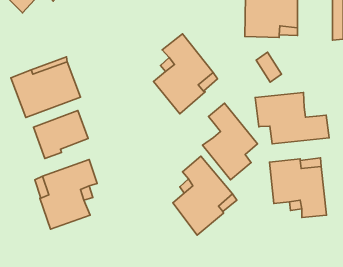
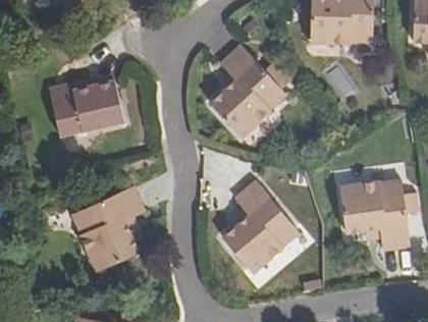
building: [255,92,329,144] -> none
building: [202,103,257,180] -> none
building: [34,111,88,158] -> none

